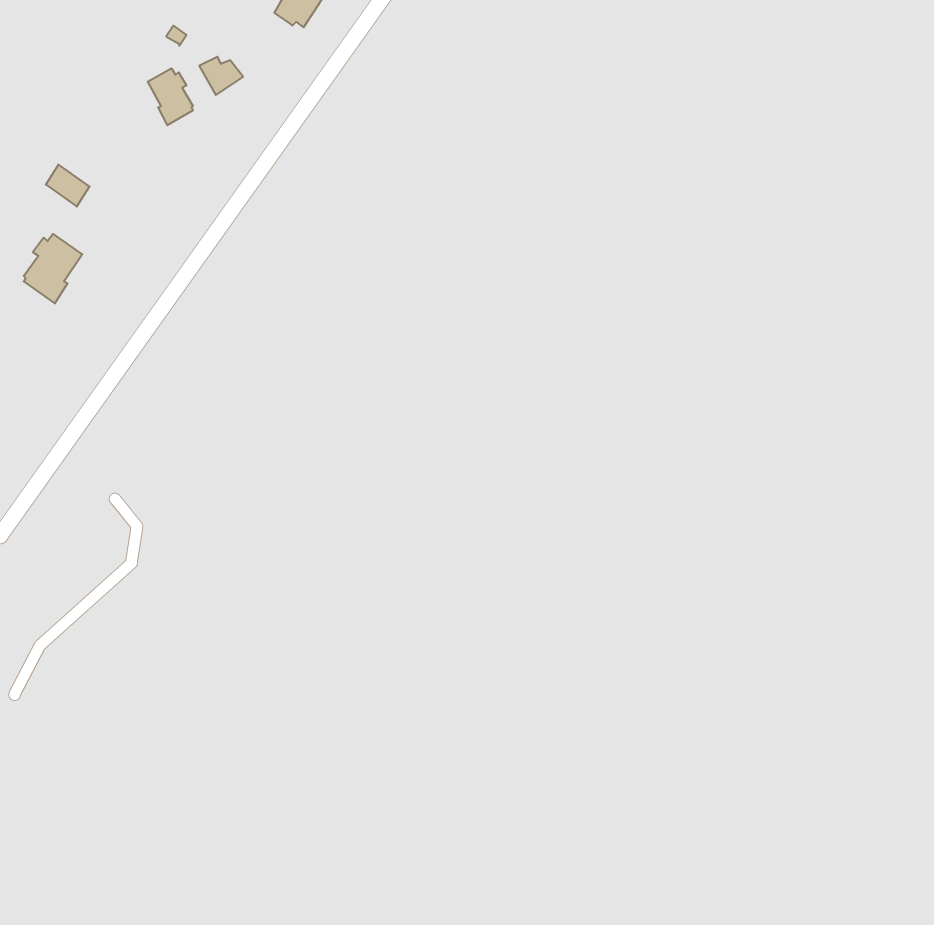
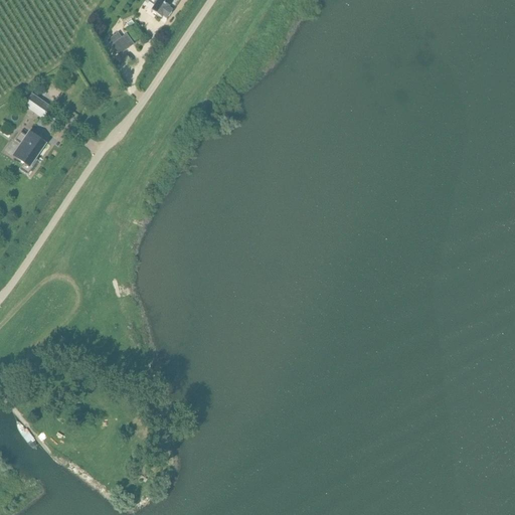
building: [148,68,193,125] -> none

